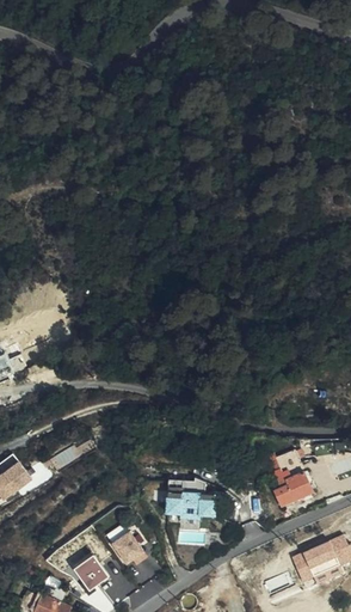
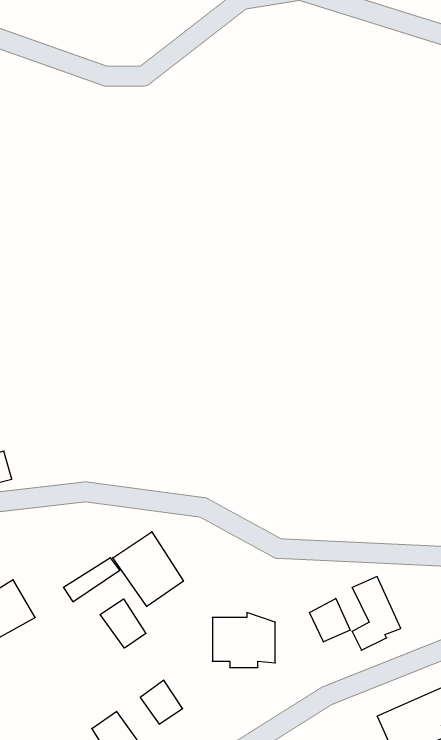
building: none -> [113,532,183,607]
building: none -> [310,598,350,642]
building: none -> [100,599,146,648]

